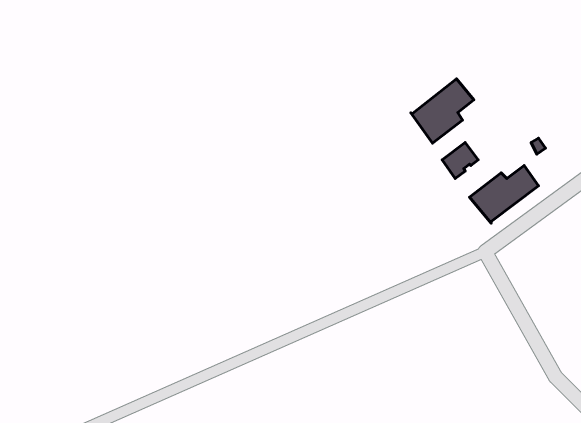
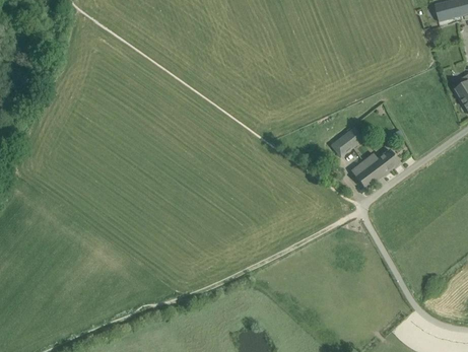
building: [411,79,474,143] -> none

